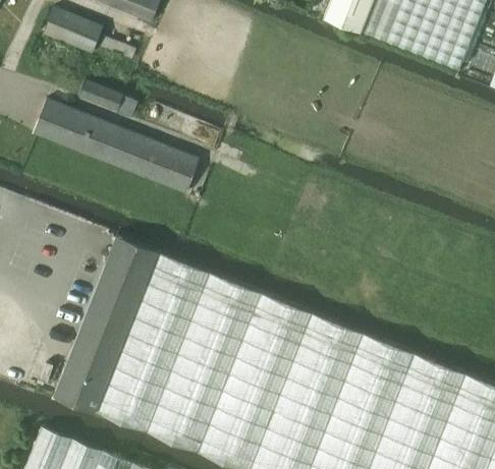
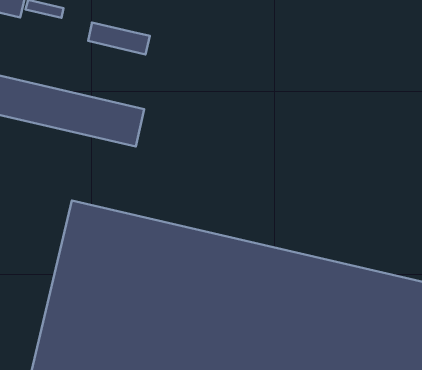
building: [79,79,140,118] -> [88,22,150,55]

